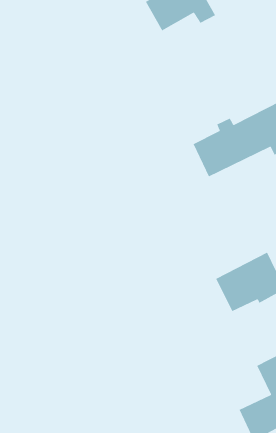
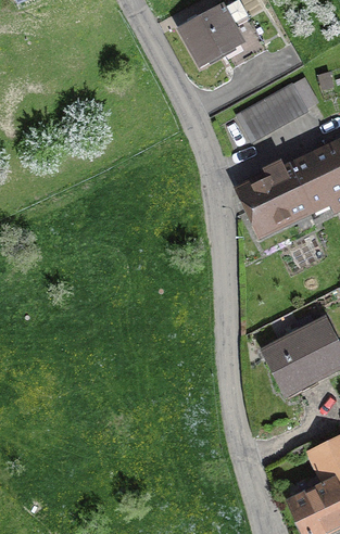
building: none -> [235,85,305,141]

